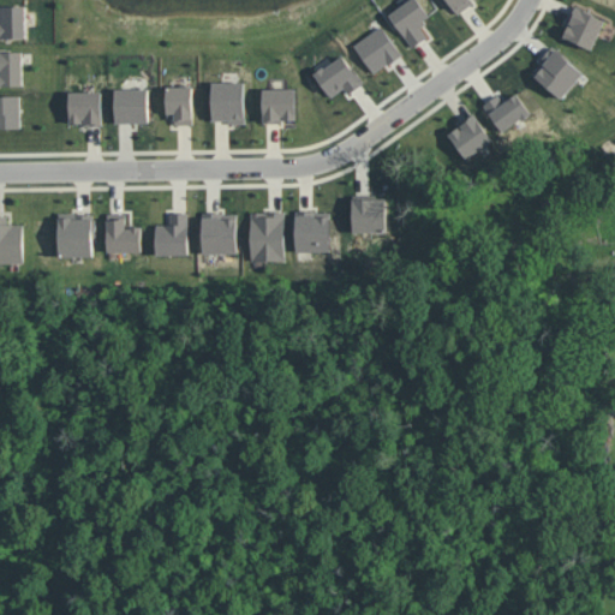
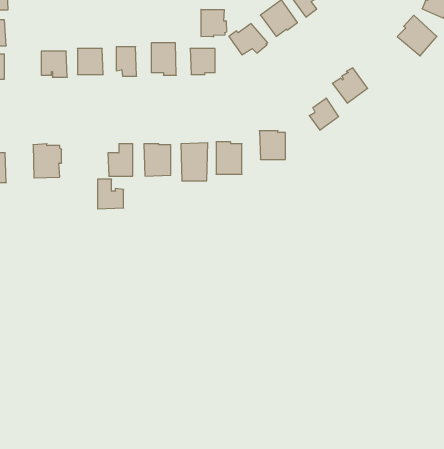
building: none -> [201,9,226,37]
building: [480,95,530,135] -> none
building: none -> [309,98,338,130]
building: [106,215,139,253] -> [98,179,124,209]

